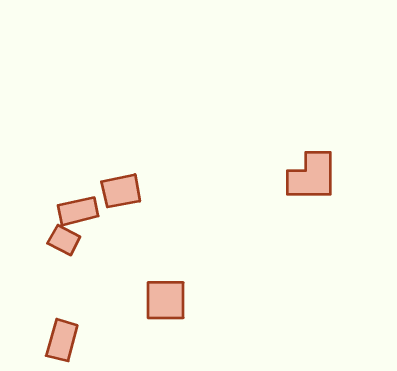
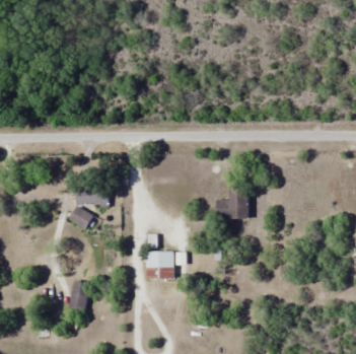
building: [287,152,330,194] -> [215,187,248,219]
building: [101,174,140,207] -> none

